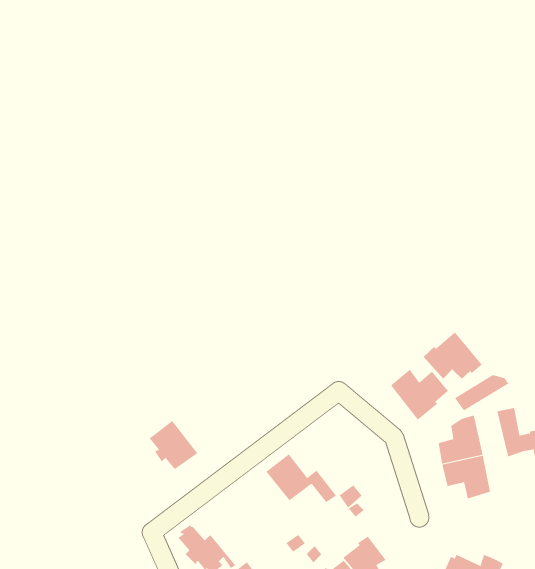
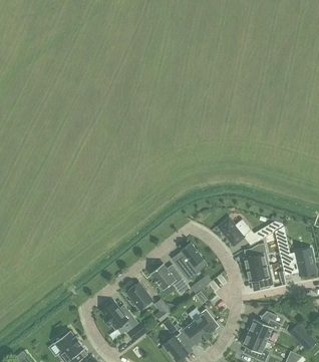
building: [423,331,482,380] -> none
building: none -> [174,242,203,280]
building: [149,420,198,470] -> [125,283,152,310]

